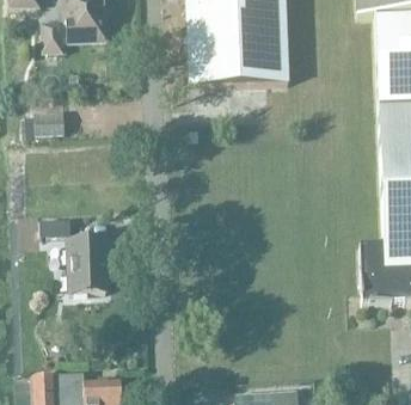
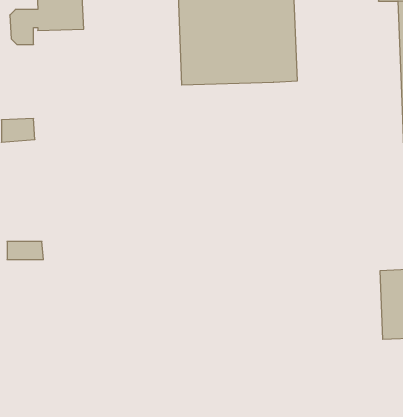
building: [69,239,109,293] -> none

